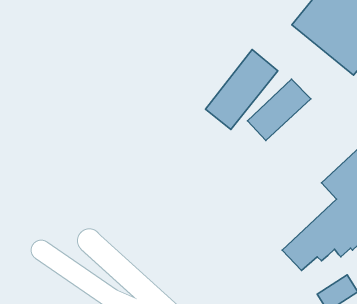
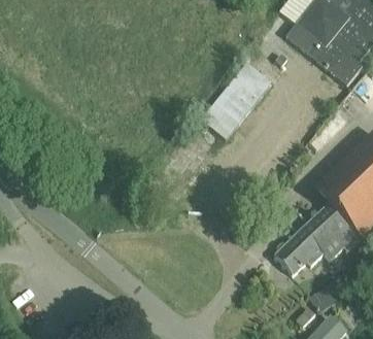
building: [247,79,311,141] -> none

